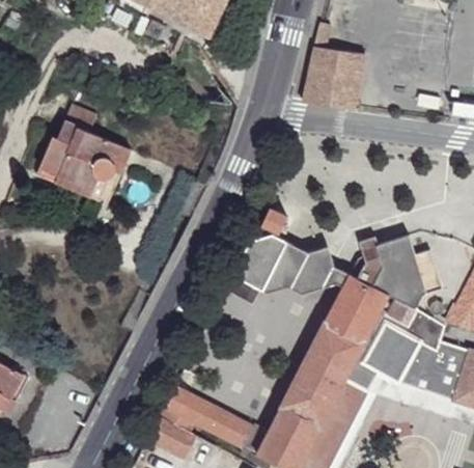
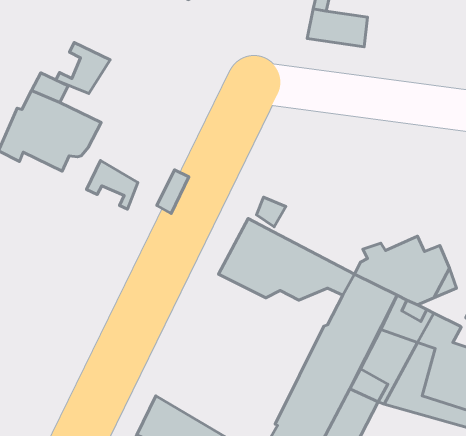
building: [303,73,359,112] -> none
building: none -> [56,42,110,94]
building: none -> [87,161,138,209]

